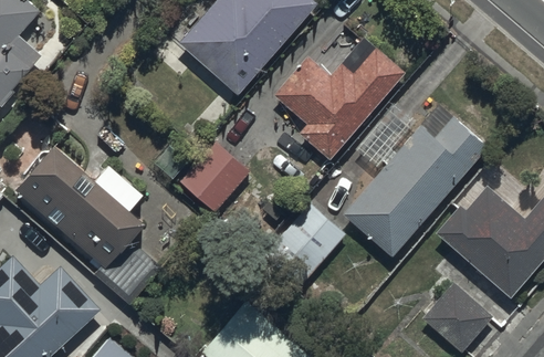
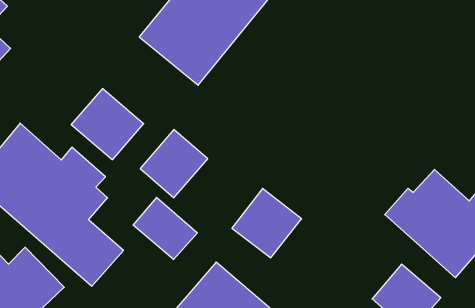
building: [272,40,404,161] -> none
building: none -> [71,89,144,160]
building: [342,108,487,256] -> none
building: none -> [133,197,197,260]

